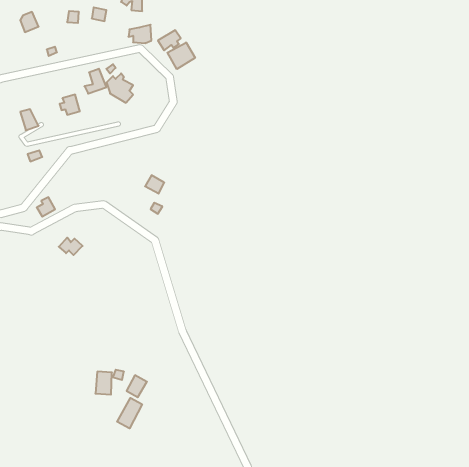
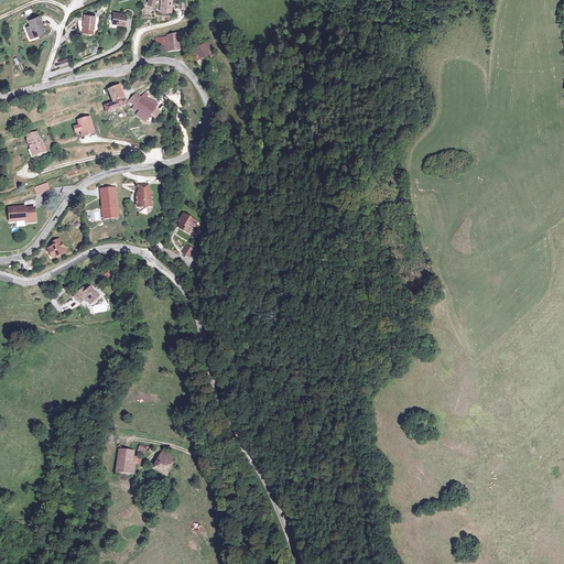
building: [167,42,195,69] -> none
building: none -> [134,181,153,208]
building: none -> [100,186,119,218]
building: none -> [7,203,34,223]
building: [117,398,142,428] -> none

